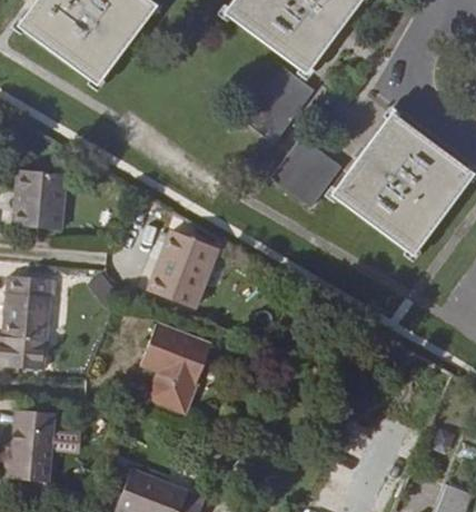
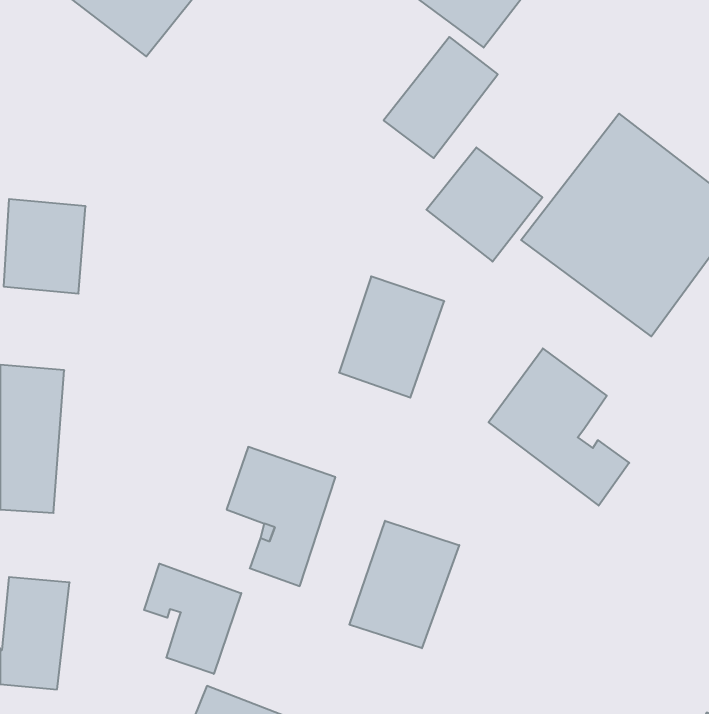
building: [155,230,220,306] -> [339,276,444,398]
building: none -> [489,348,629,506]
building: none -> [349,521,459,648]
building: none -> [144,564,241,674]

